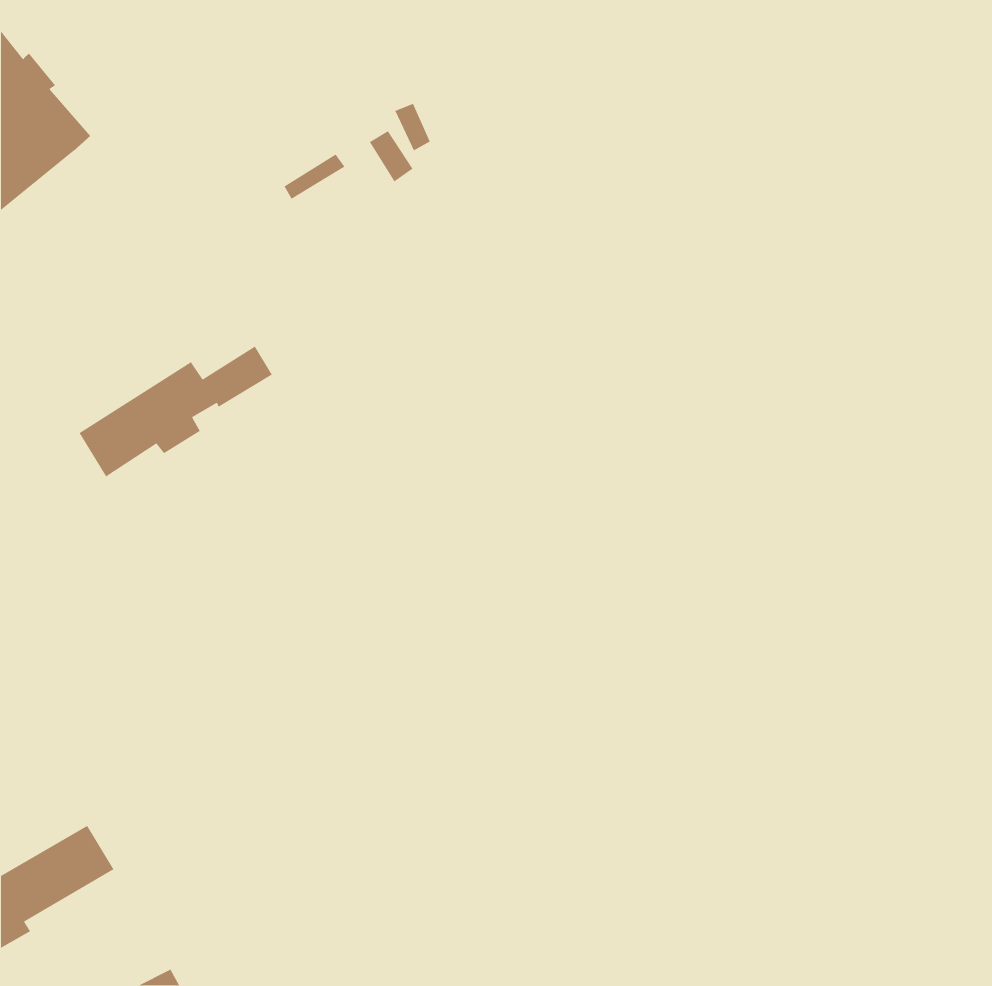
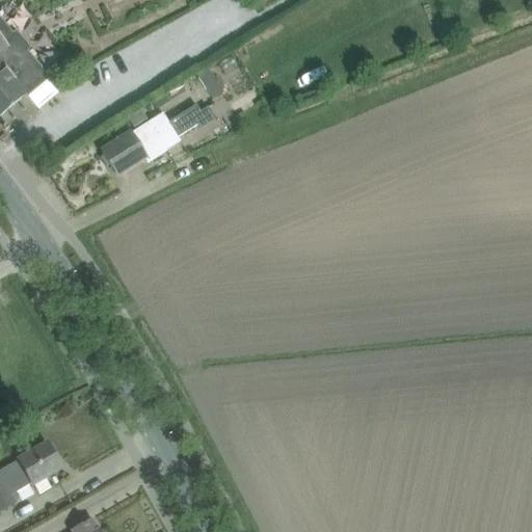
building: [79,346,273,478] -> [102,103,206,174]

